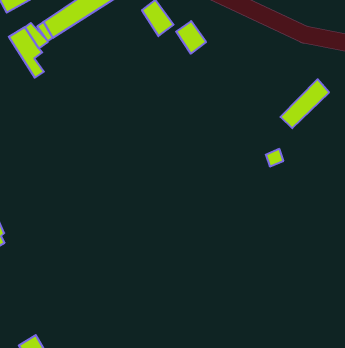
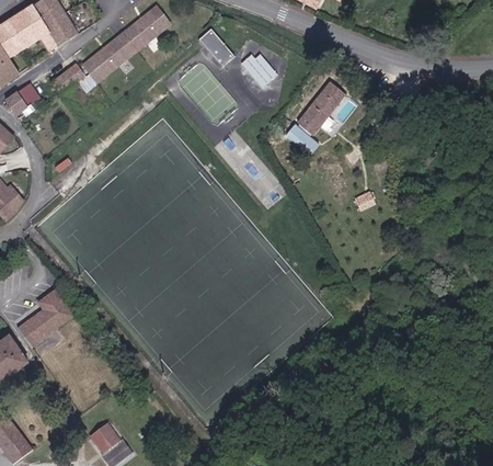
building: [280,79,329,128] -> [291,82,345,140]

